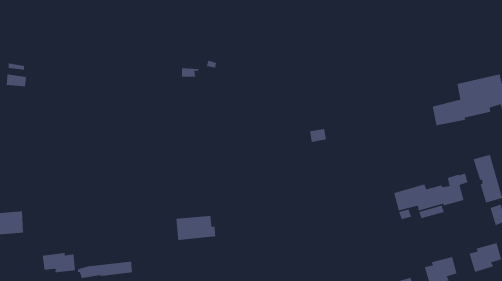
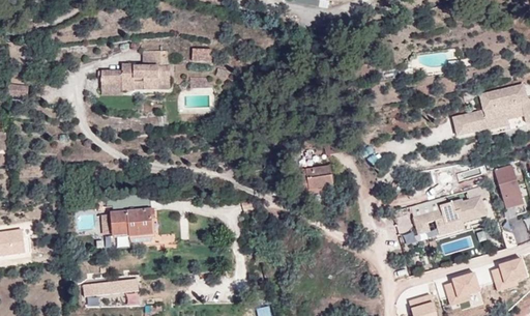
building: none -> [101,51,171,91]
building: none -> [297,166,334,196]
building: [175,215,216,241] -> [111,209,153,236]
building: [42,252,76,273] -> none

